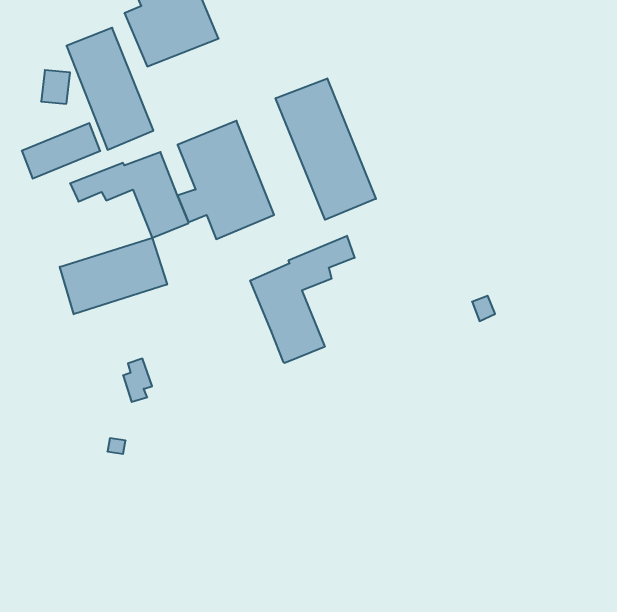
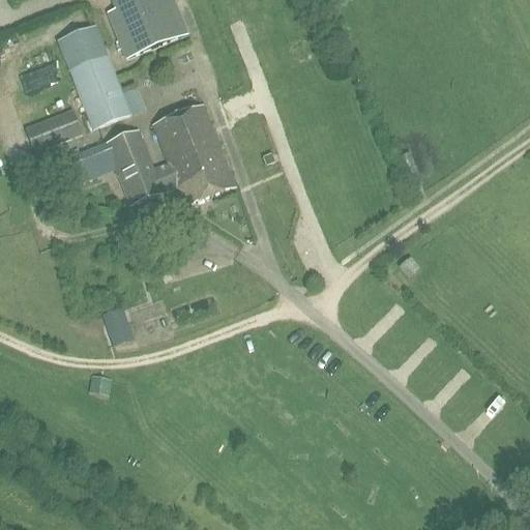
building: [276,78,376,220] -> none
building: [250,236,355,363] -> none
building: [60,238,167,314] -> none

